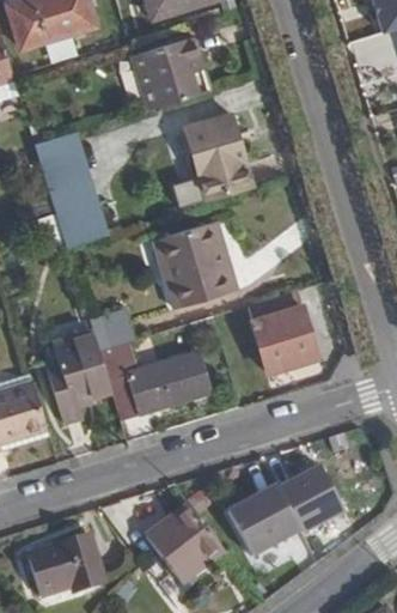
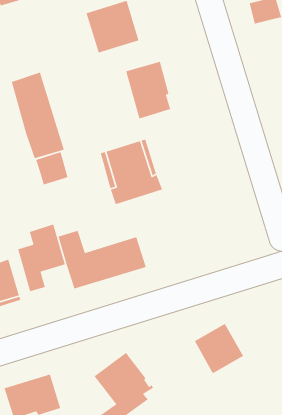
building: [248,287,319,370] -> none
building: [86,304,130,350] -> [35,151,68,186]
building: [227,485,300,557] -> none

